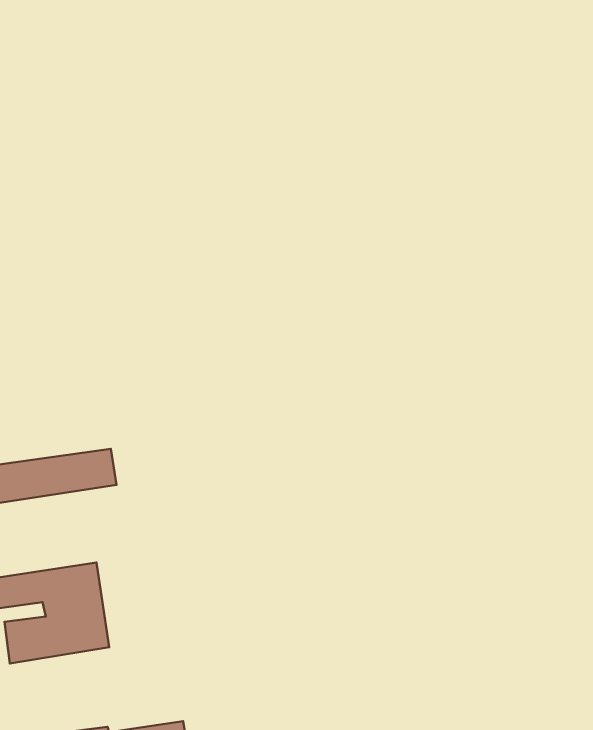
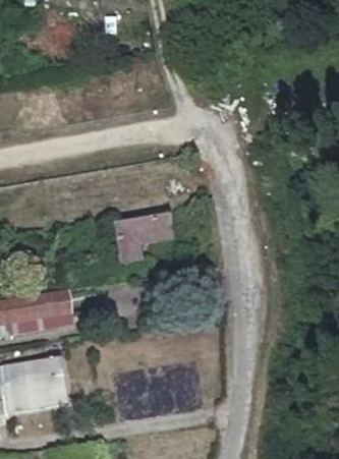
building: none -> [117,219,170,262]

